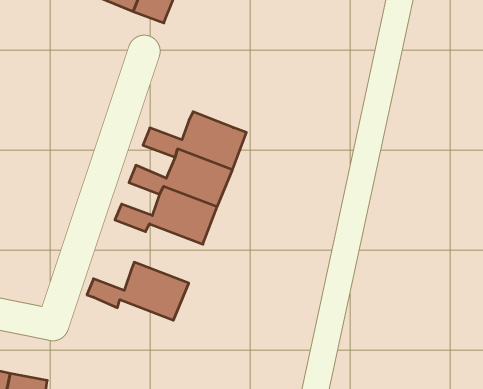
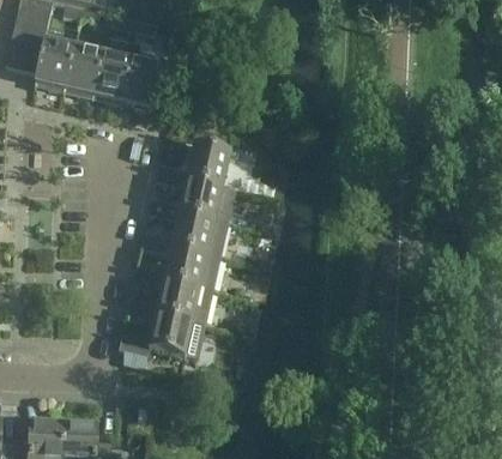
building: none -> [156,141,230,185]
building: none -> [126,277,211,322]

